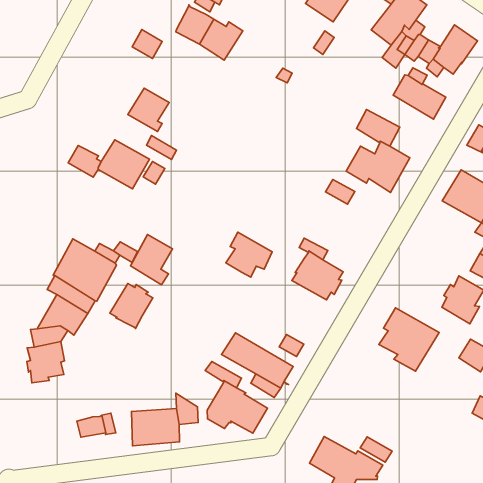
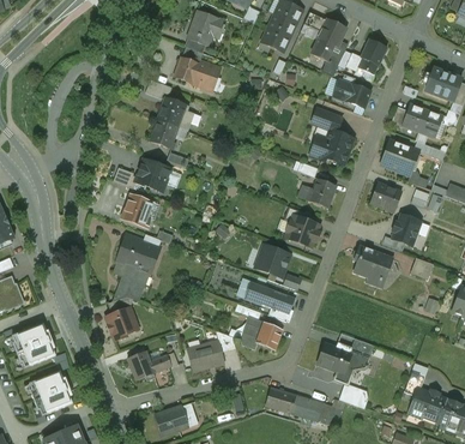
building: none -> [157,97,191,131]
building: none -> [304,179,336,208]
building: none -> [370,182,401,212]
building: [226,232,272,277] -> [258,245,289,275]
building: [130,234,173,285] -> [122,194,150,228]
building: [110,284,153,329] -> none
building: none -> [127,350,155,380]

